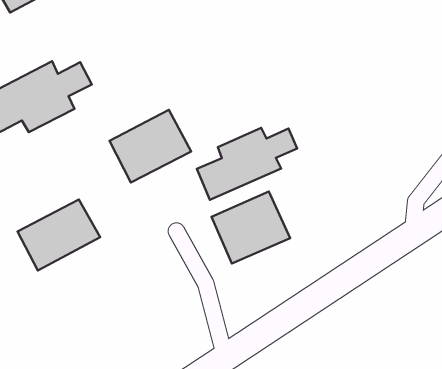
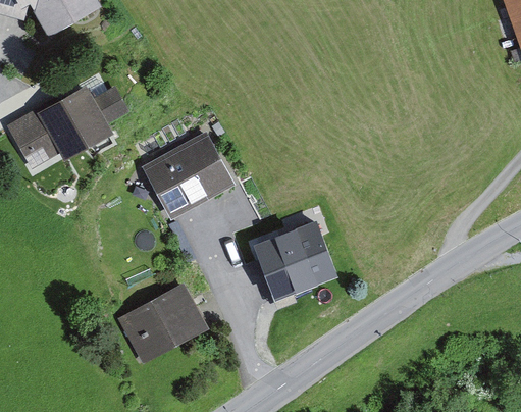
building: [197,128,297,200] -> none
building: [17,199,100,270] -> [120,287,207,361]

